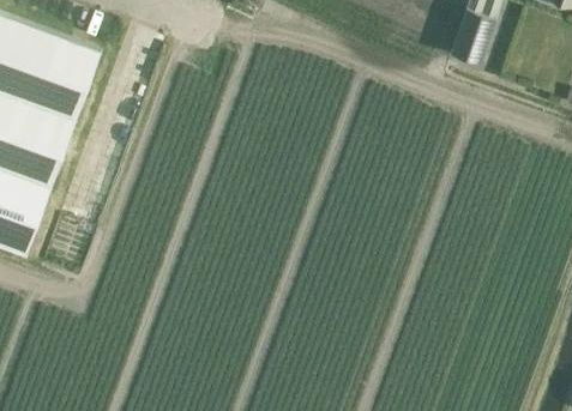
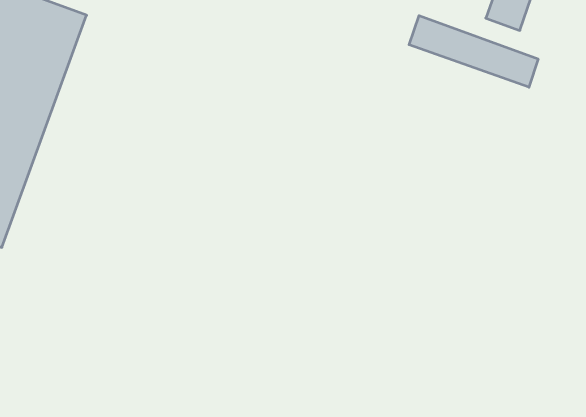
building: none -> [409,16,538,87]

